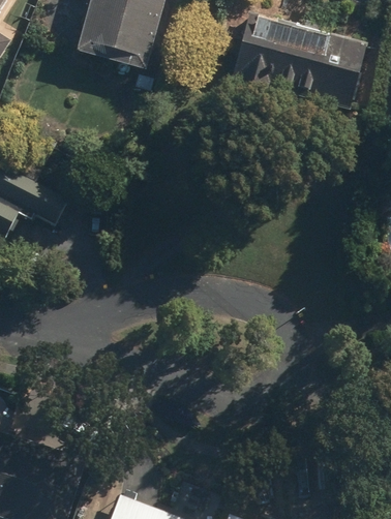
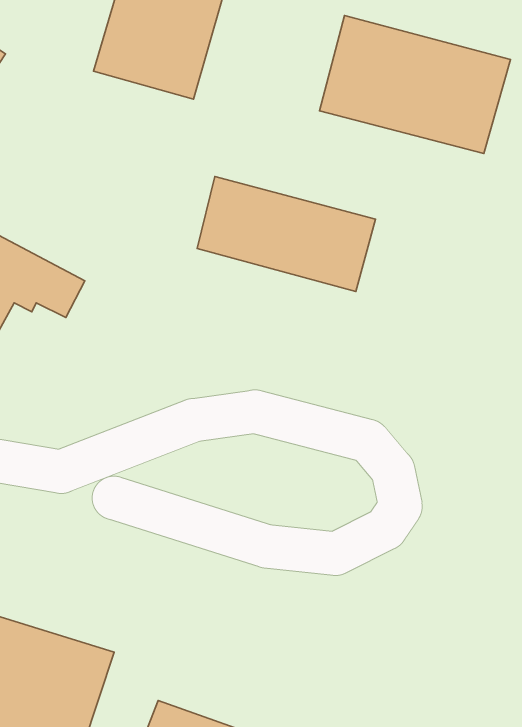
building: none -> [197,177,375,292]

